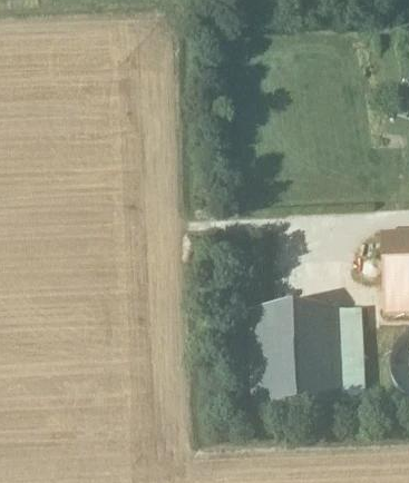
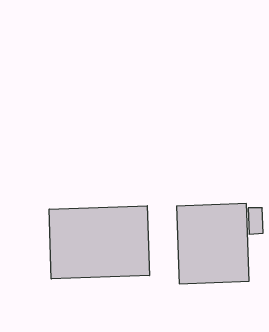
building: none -> [49,206,149,279]

